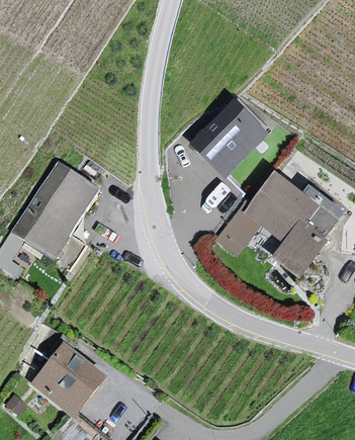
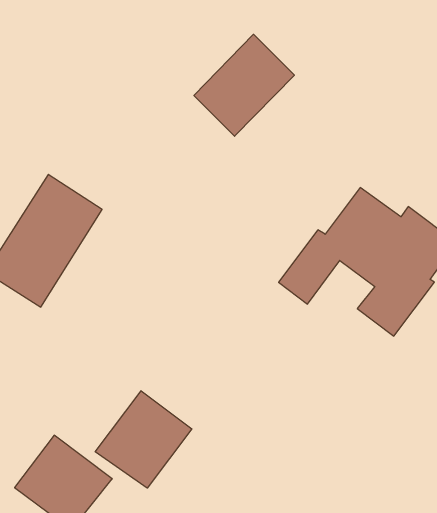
building: [195,103,265,174] -> [194,34,294,136]
building: none -> [95,391,192,488]

